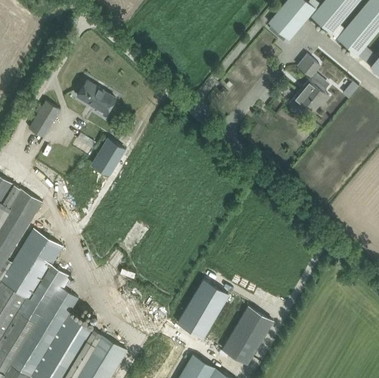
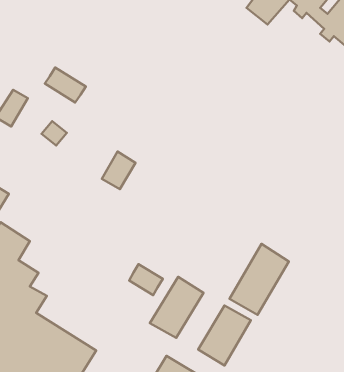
building: [288,56,329,114] -> none
building: [92,140,124,176] -> [102,151,135,189]
building: none -> [229,244,289,315]
building: none -> [129,264,163,295]

